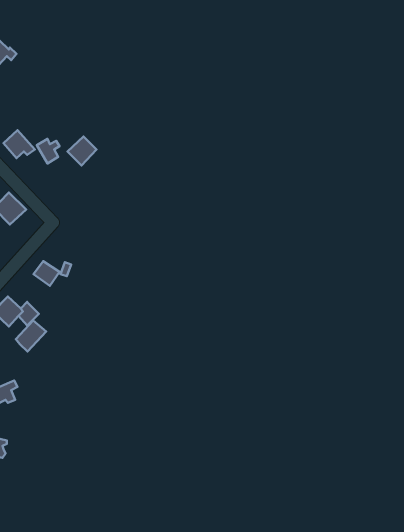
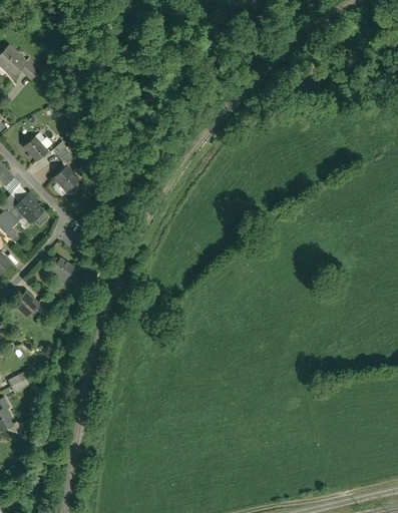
building: [67,137,96,166] -> [52,166,79,193]
building: [16,321,46,351] -> none

